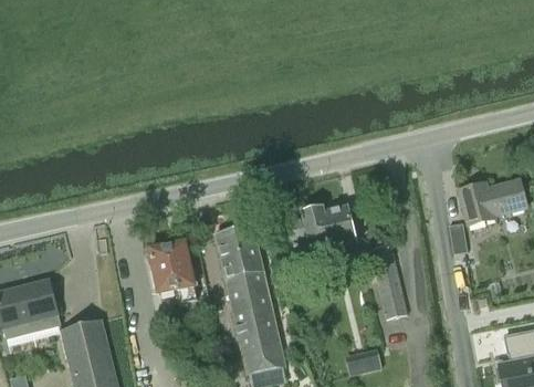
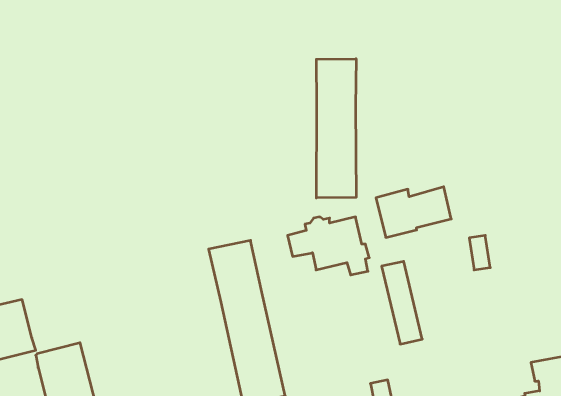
building: none -> [316,59,356,198]
building: [459,179,526,224] -> [376,187,451,237]
building: [149,241,197,303] -> none

